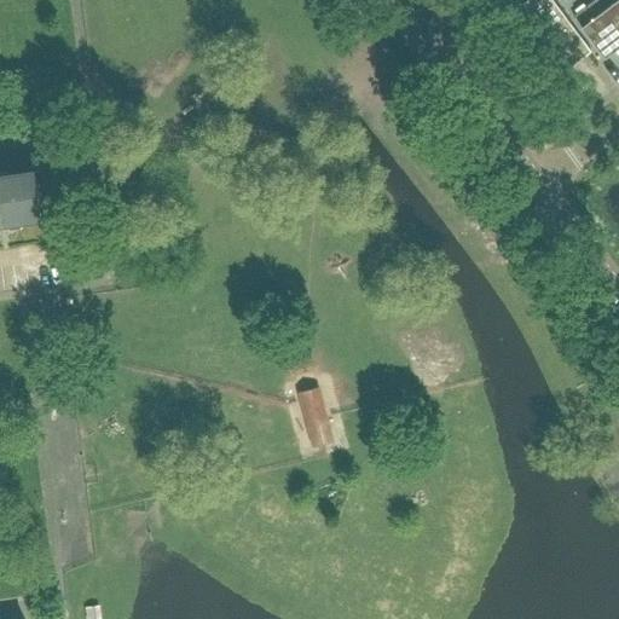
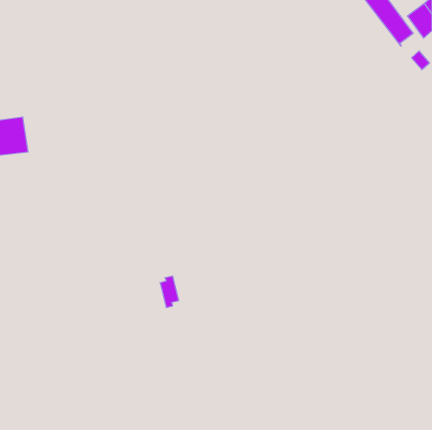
building: [301,391,328,435] -> [160,276,179,307]

